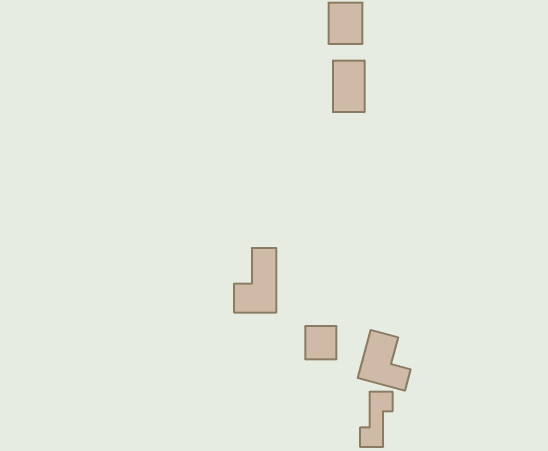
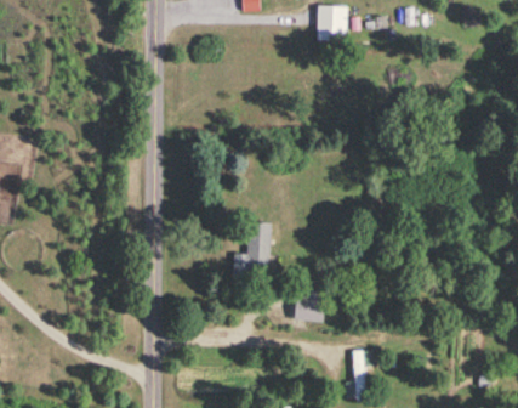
building: [333,60,364,112] -> none
building: [358,330,411,391] -> none

